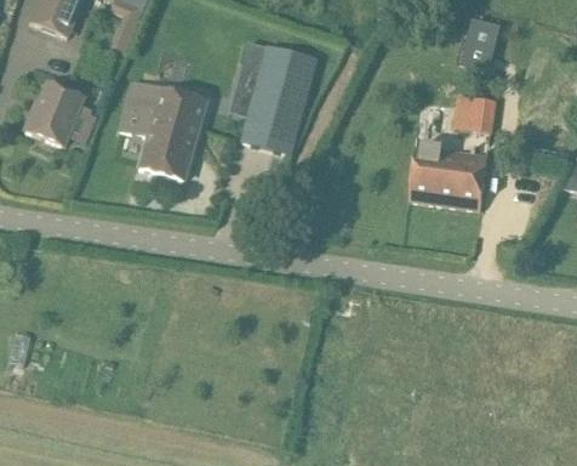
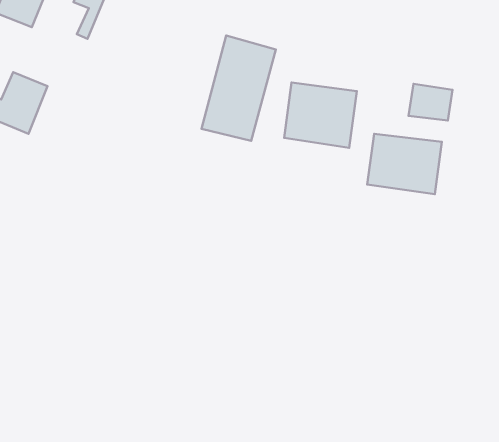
building: [462,21,501,74] -> none
building: [120,80,204,178] -> none
building: none -> [284,83,357,148]

